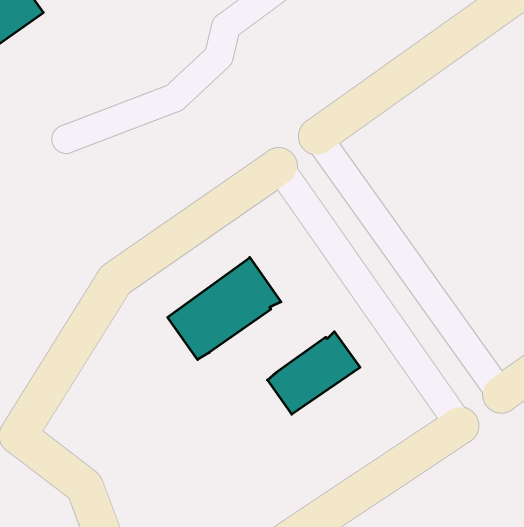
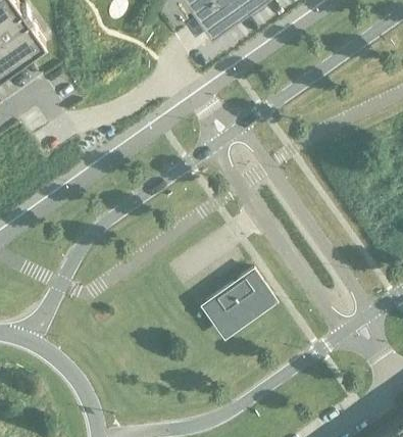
building: [168,257,281,360] -> none

